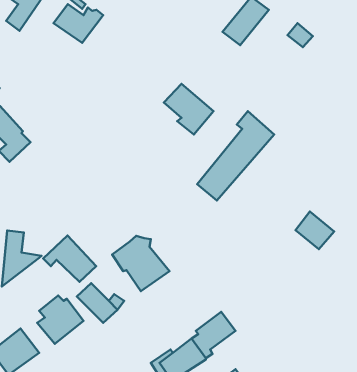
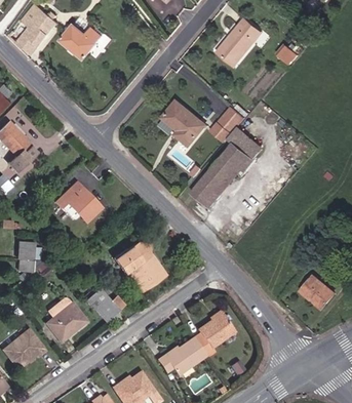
building: none -> [212,107,246,143]
building: [296,212,334,249] -> [303,275,339,310]
building: [43,235,96,282] -> [54,180,104,224]

